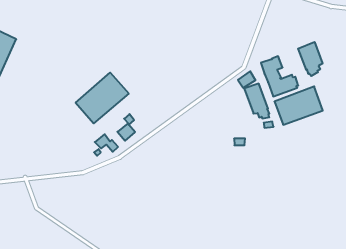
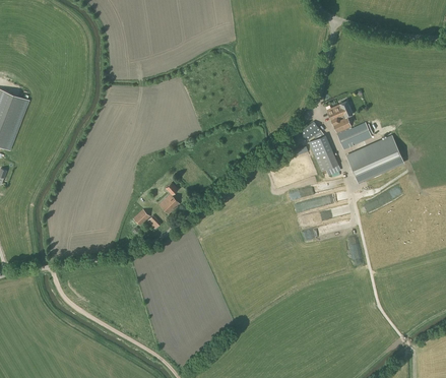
building: [298,42,323,76] -> none
building: [76,73,129,123] -> none

